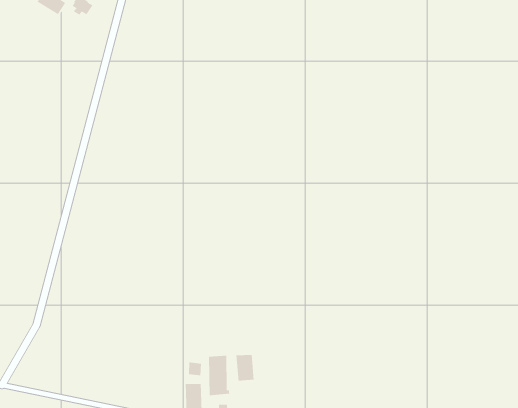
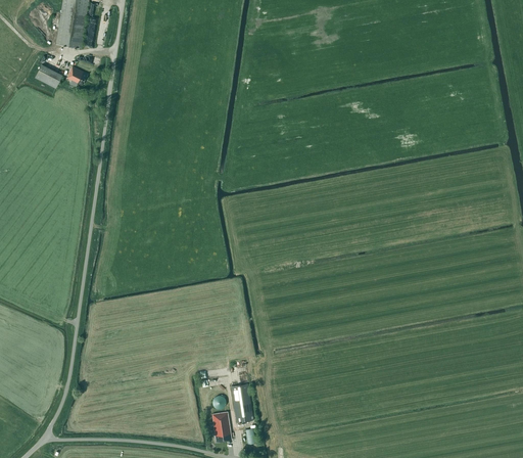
building: [236,354,255,382] -> none

